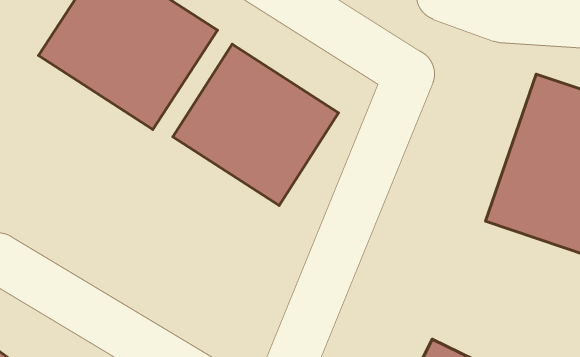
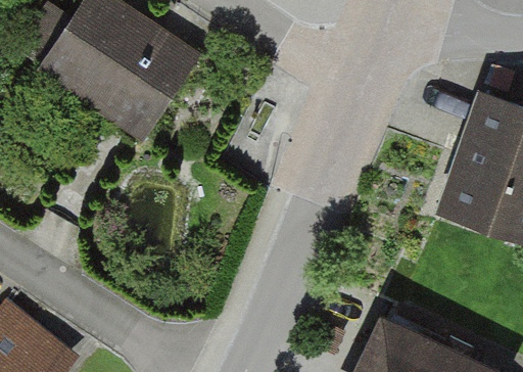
building: [173,44,338,206] -> none

